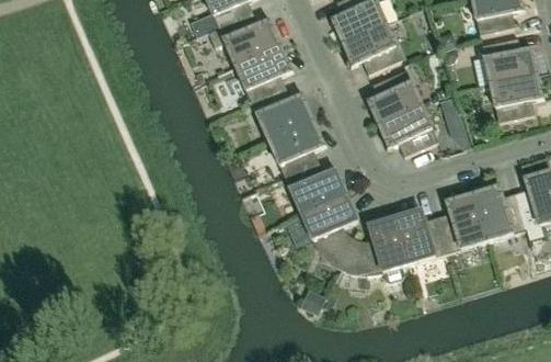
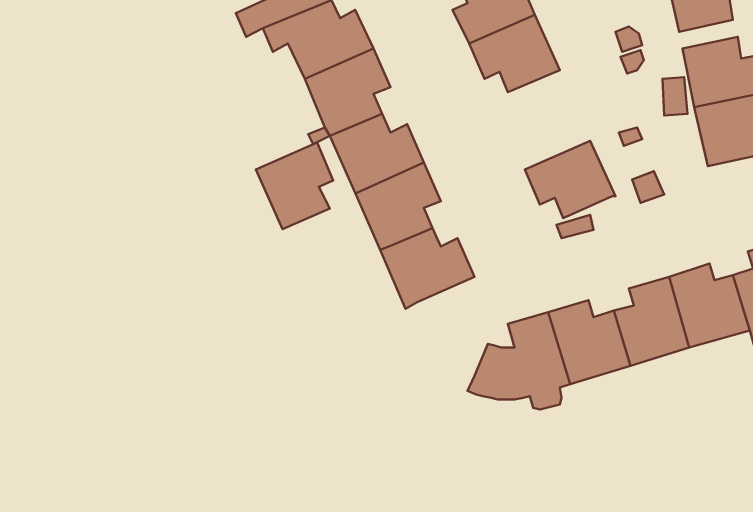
building: [368,69,422,124] -> none
building: none -> [256,142,333,229]
building: [301,194,357,269] -> none

